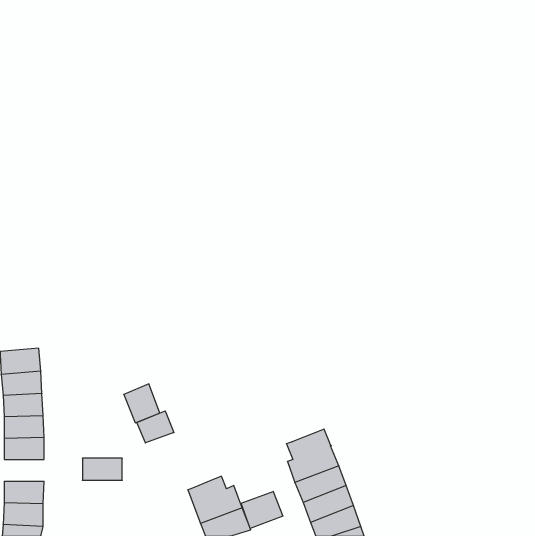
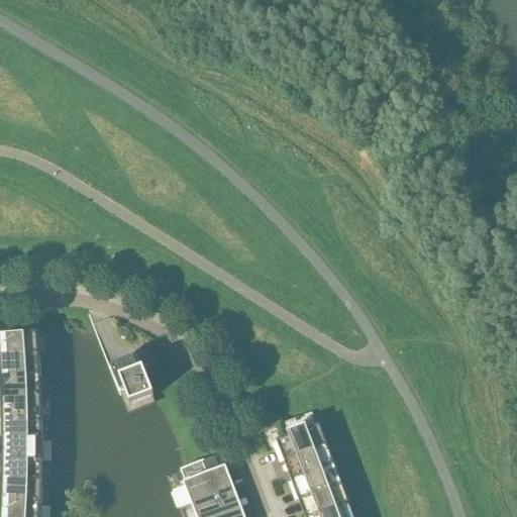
building: [137,411,174,443] -> none
building: [82,458,122,480] -> [5,442,43,463]
building: [241,491,283,528] -> none

